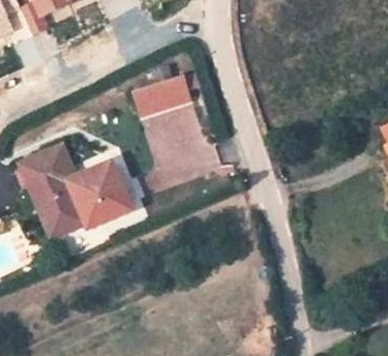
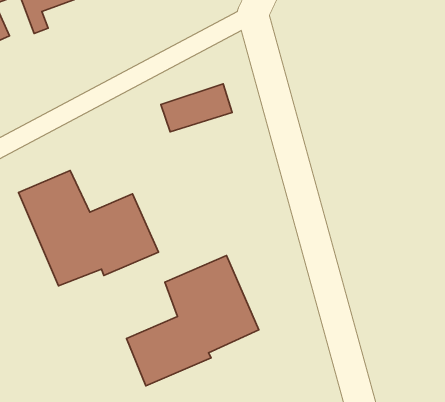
building: none -> [127,255,259,386]

